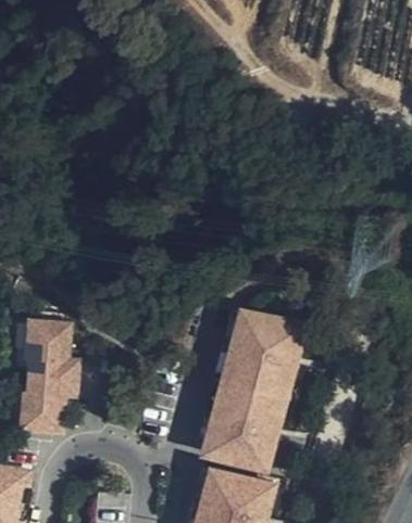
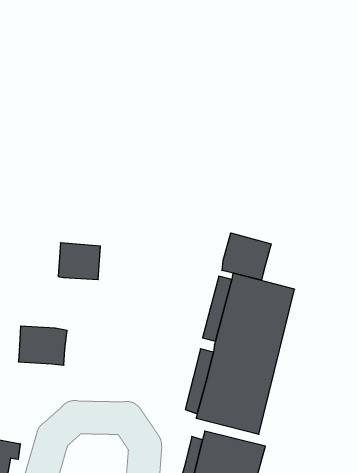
building: none -> [222,233,271,280]
building: [26,326,68,362] -> [58,243,100,280]
building: [21,395,63,434] -> none

